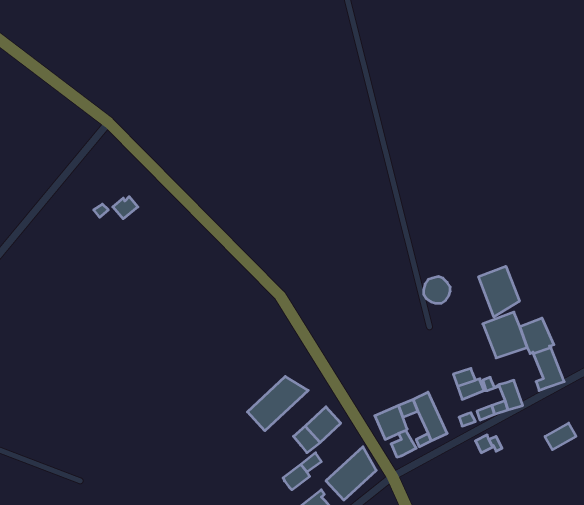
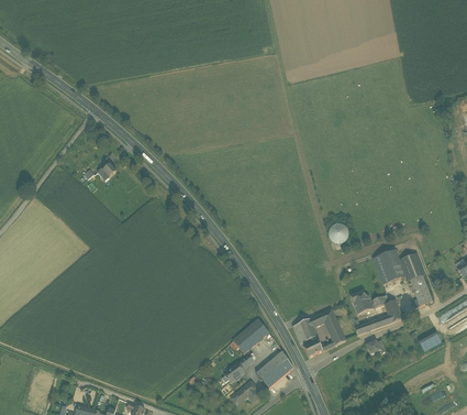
building: [479,266,519,317] -> none
building: [247,376,308,431] -> none

